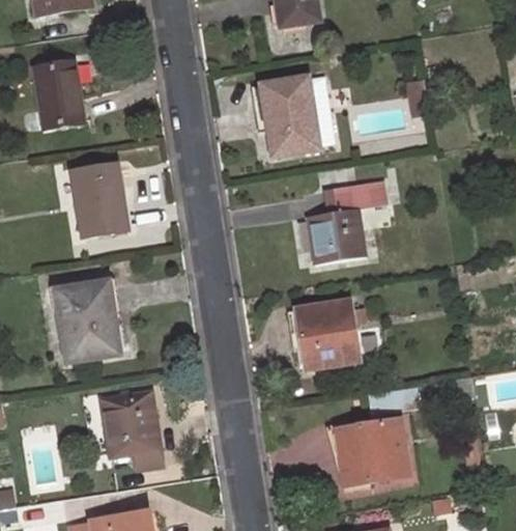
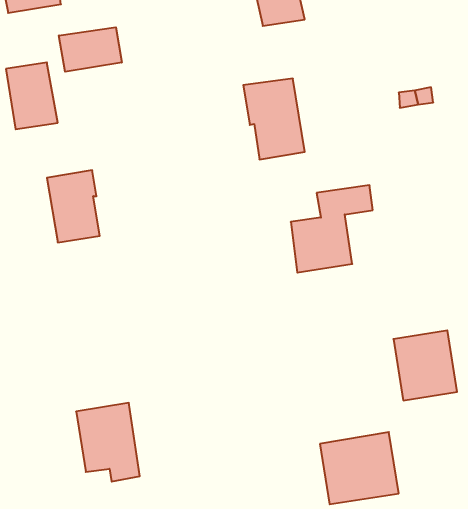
building: none -> [59,27,122,72]
building: [57,281,119,362] -> none
building: [296,302,357,369] -> [393,330,457,400]

